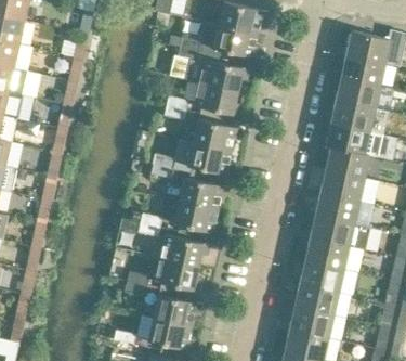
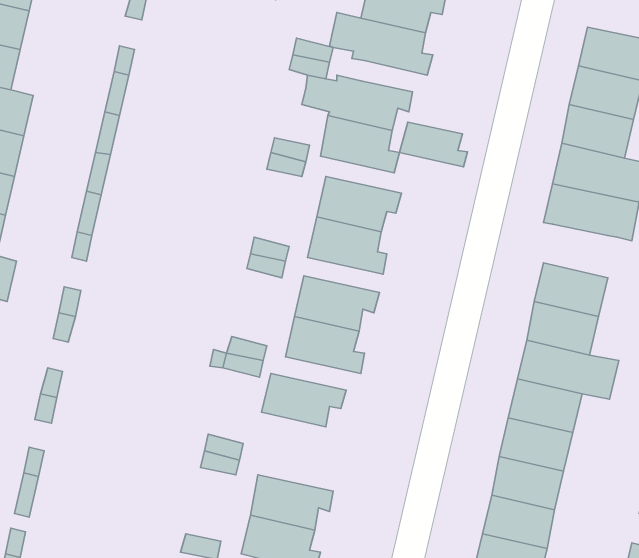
building: none -> [400,122,468,167]
building: [326,146,369,178] -> none
building: [155,257,201,292] -> none

